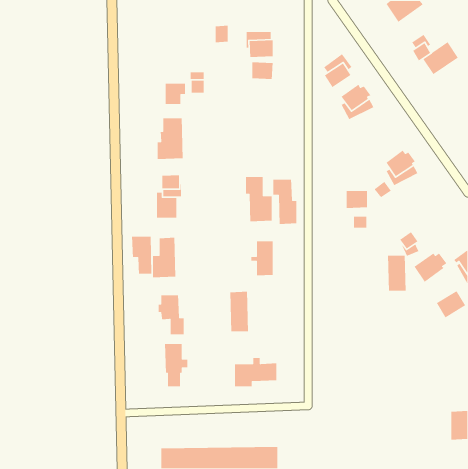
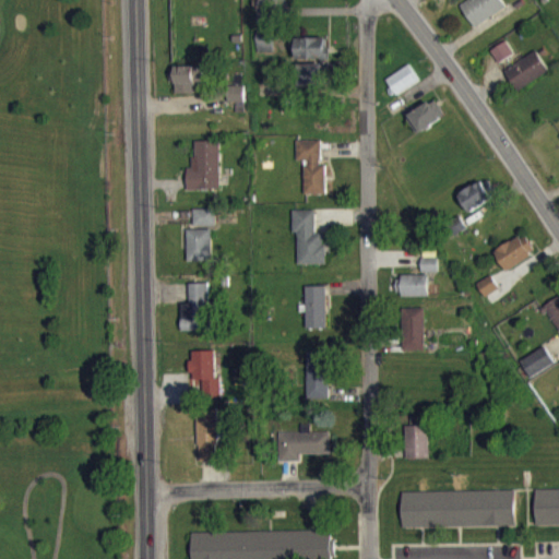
building: [165,83,186,105] -> [174,66,199,92]
building: [273,179,297,225] -> [295,140,324,194]
building: [346,190,368,209] -> [401,274,427,296]
building: [131,236,152,275] -> none
building: [413,253,447,283] -> [492,236,533,272]
building: [387,255,406,292] -> [401,308,424,352]
building: [230,291,249,332] -> [306,350,329,400]
building: none -> [404,425,429,459]
building: none -> [403,491,515,526]

